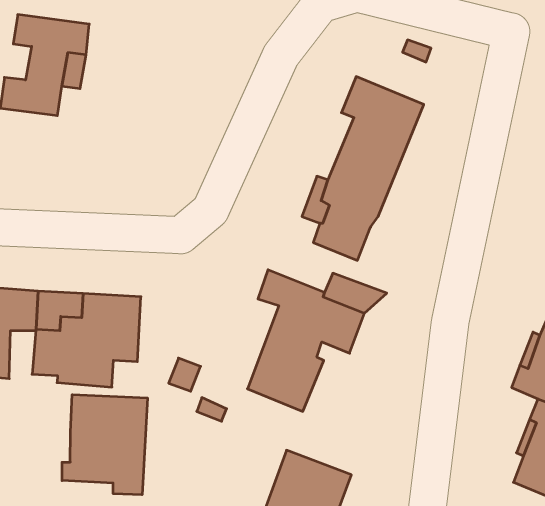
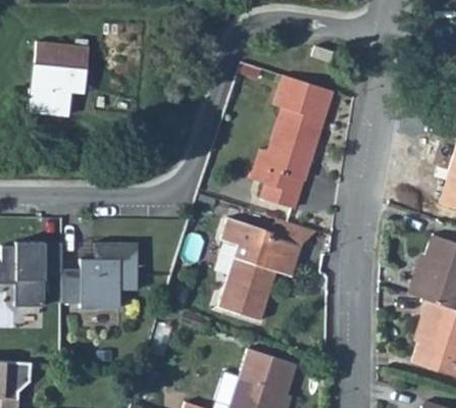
building: [62,395,147,495] -> none

